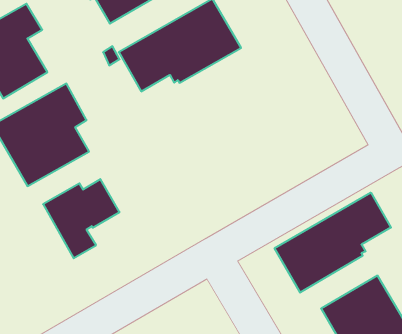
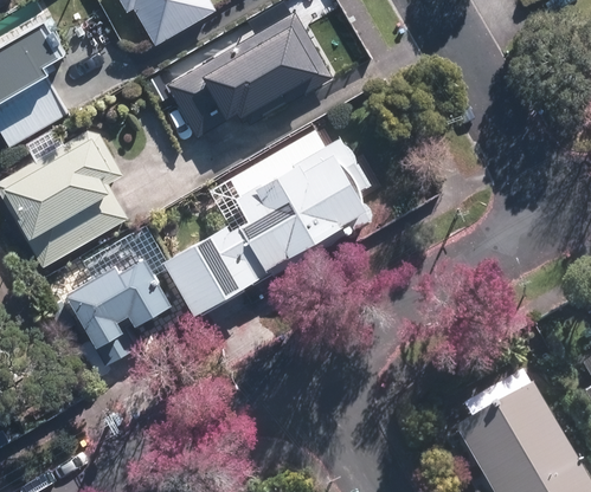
building: none -> [165,134,373,313]
building: [275,193,391,293] -> none

